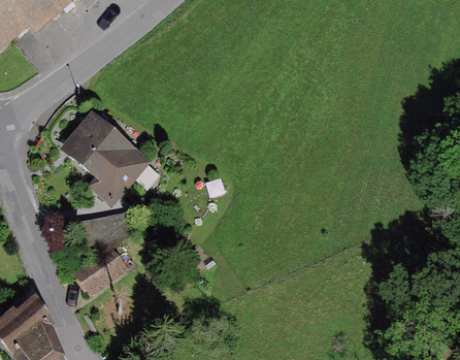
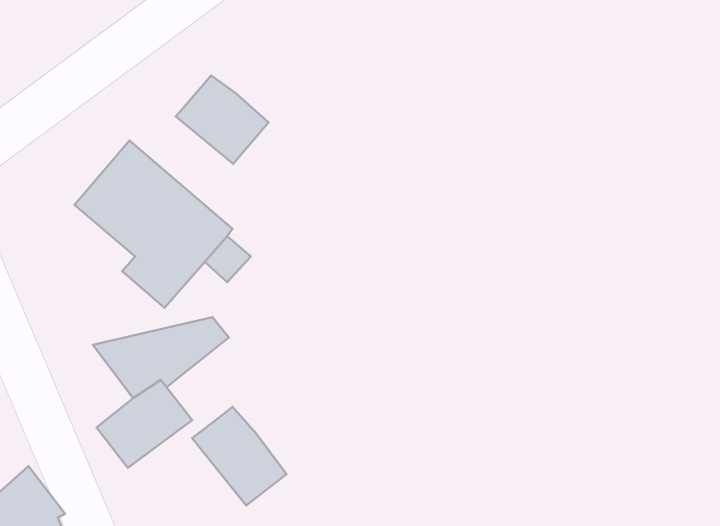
building: none -> [176,75,269,164]
building: none -> [192,407,287,505]

